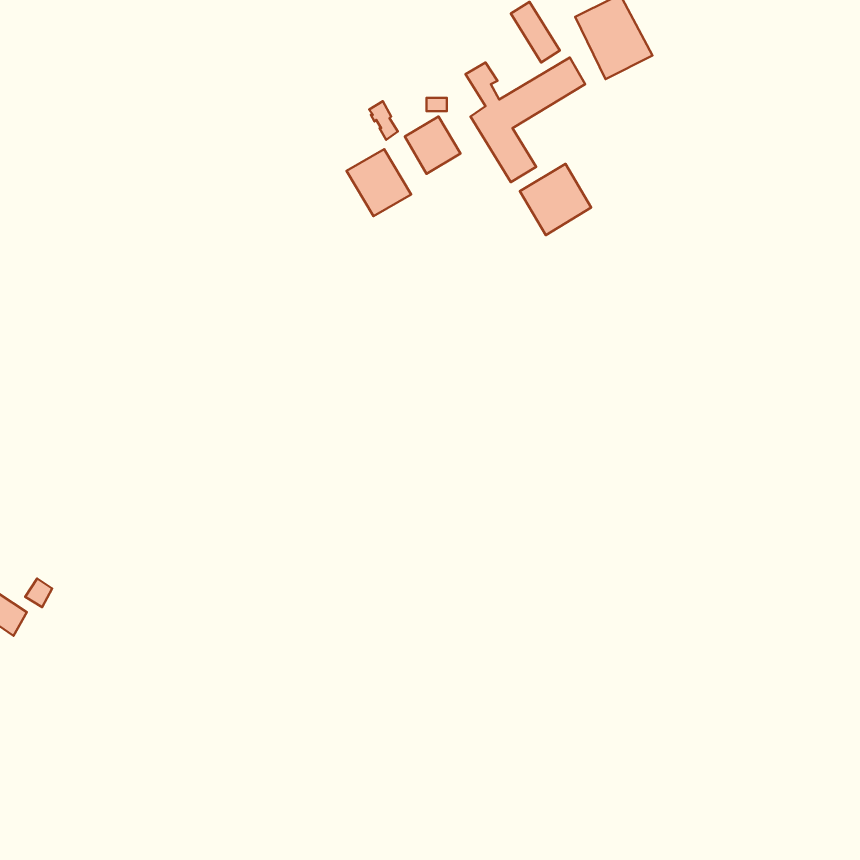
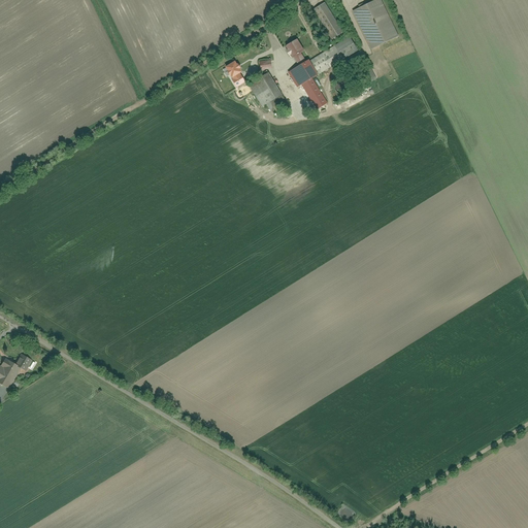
building: [347,149,411,216] -> none
building: [520,164,591,235] -> none

